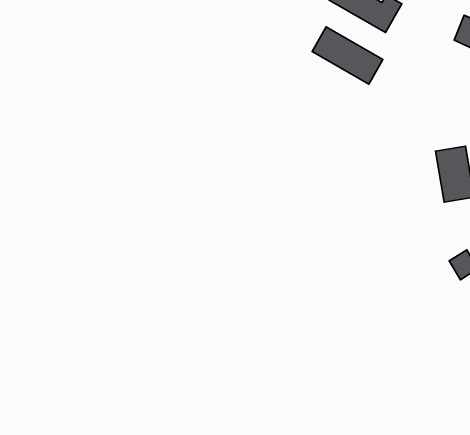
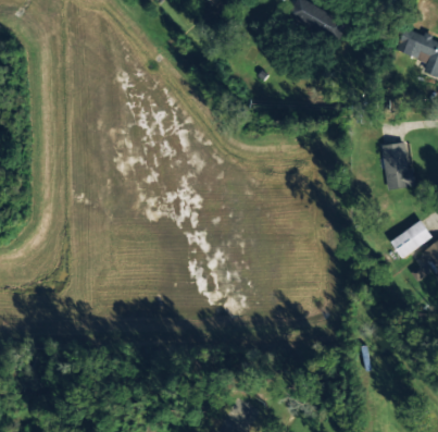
building: [312,27,383,84] -> none

